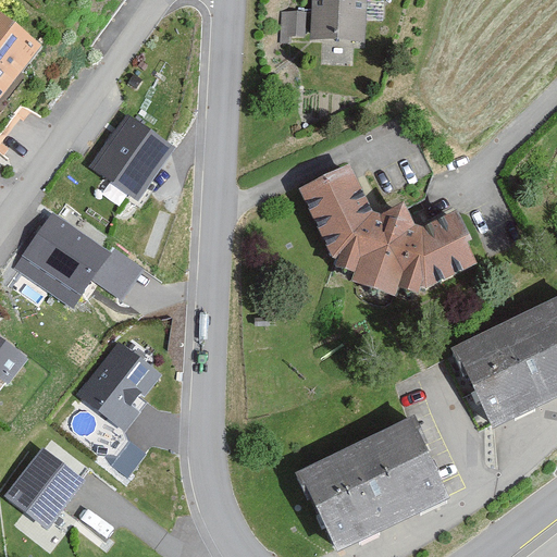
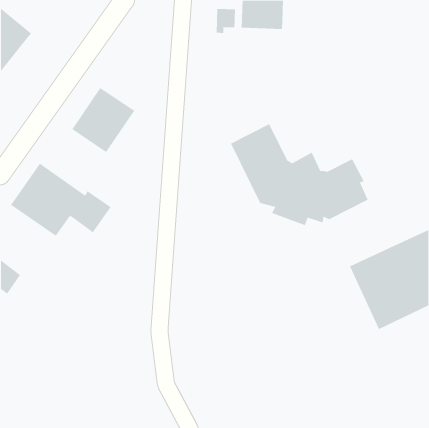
building: [76,341,161,432] -> none
building: [296,417,449,552] -> none
building: [7,446,86,528] -> none

